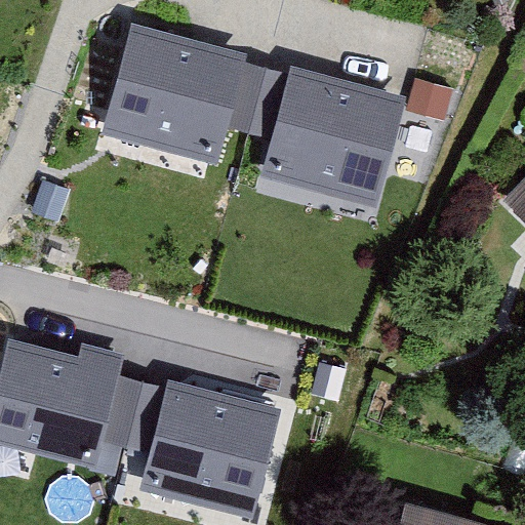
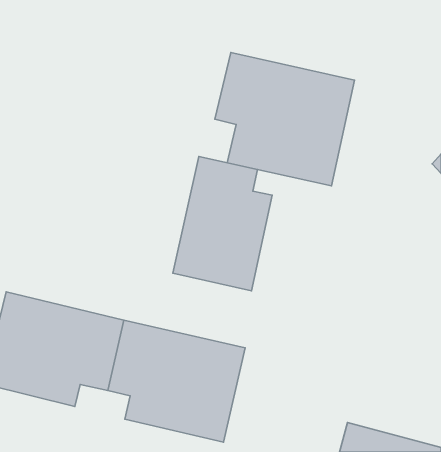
building: [98,27,266,179] -> none
building: none -> [173,157,272,291]

